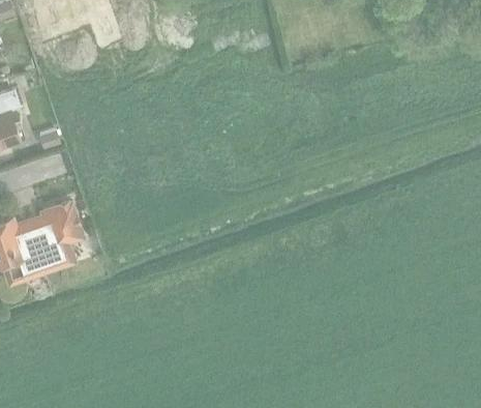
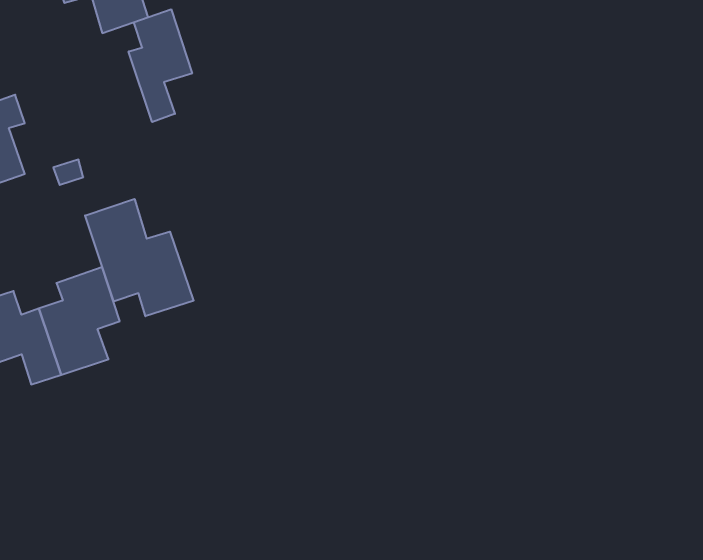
building: none -> [129,9,192,122]
building: none -> [85,199,194,316]

